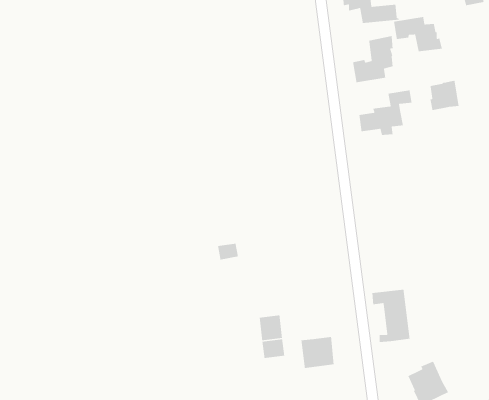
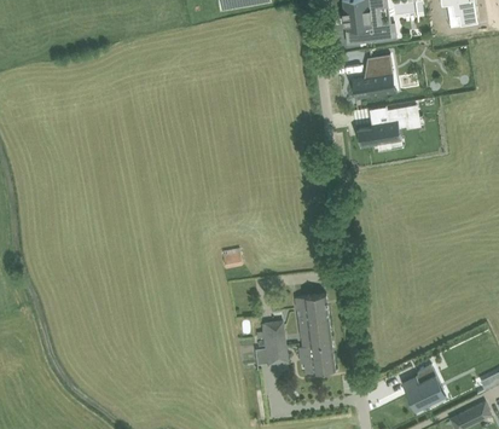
building: [393,16,443,52] -> none
building: [429,80,460,112] -> none
building: [371,289,410,343] -> [294,294,331,346]

